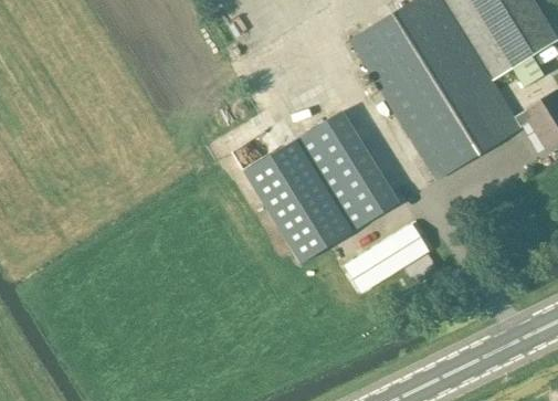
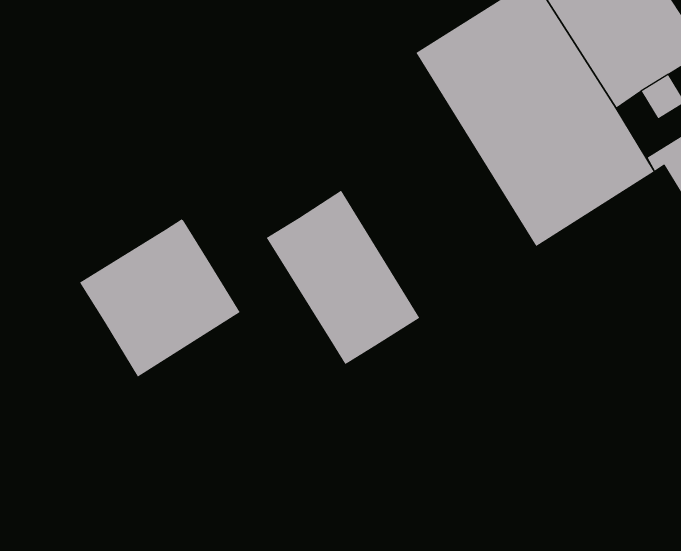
building: [297,112,399,231] -> none
building: none -> [79,219,241,377]
building: [346,223,428,291] -> none

